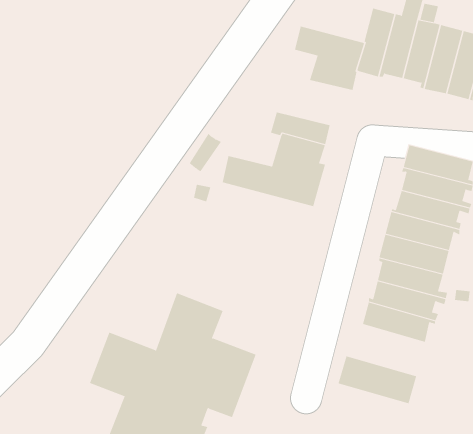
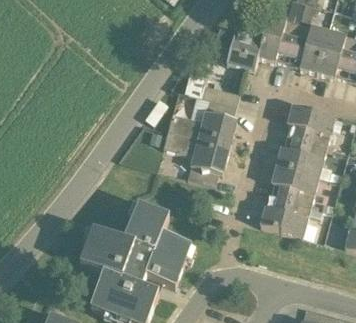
building: none -> [163,130,229,185]
building: [338,356,417,404] -> none

